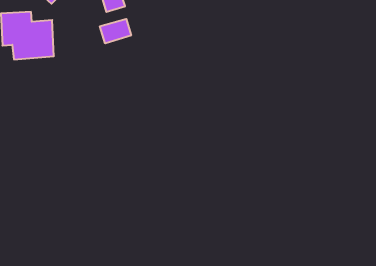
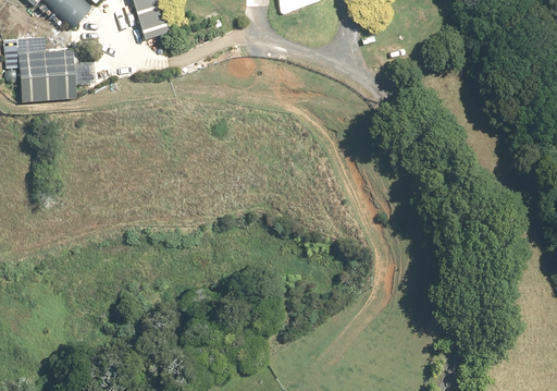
building: [100,19,131,43] -> none

